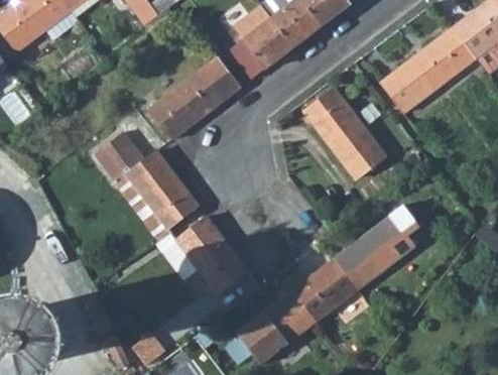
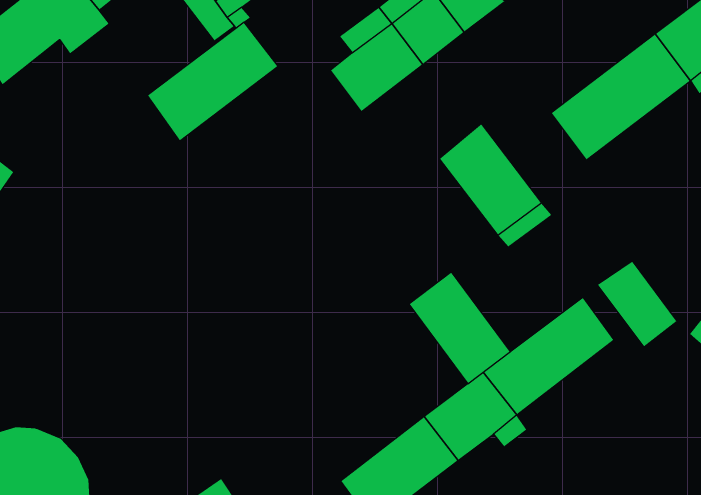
building: [150,56,240,138] -> [147,22,278,141]
building: [93,132,202,242] -> none
building: none -> [597,261,677,347]
building: [177,216,247,292] -> [409,272,510,384]

